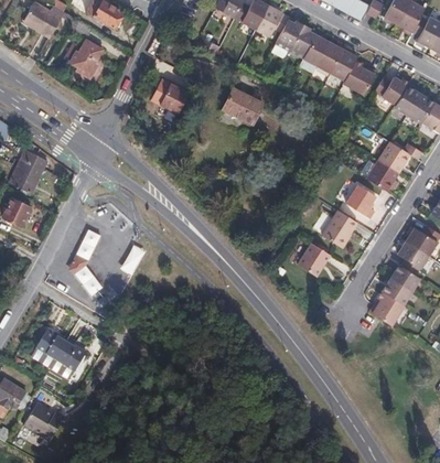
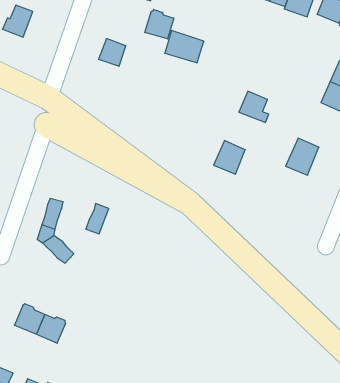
building: none -> [145,9,174,39]
building: [345,185,375,218] -> [239,91,269,123]
building: [298,244,331,278] -> [214,141,245,174]

